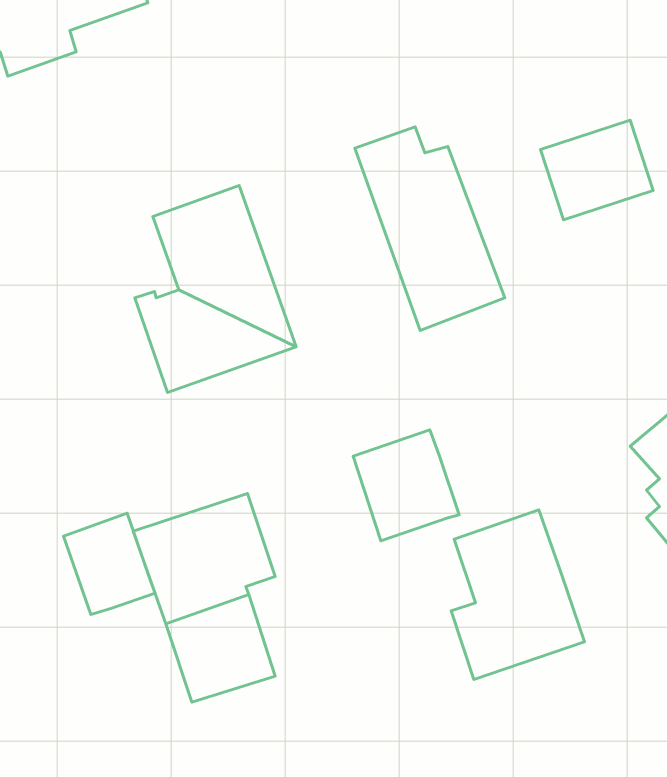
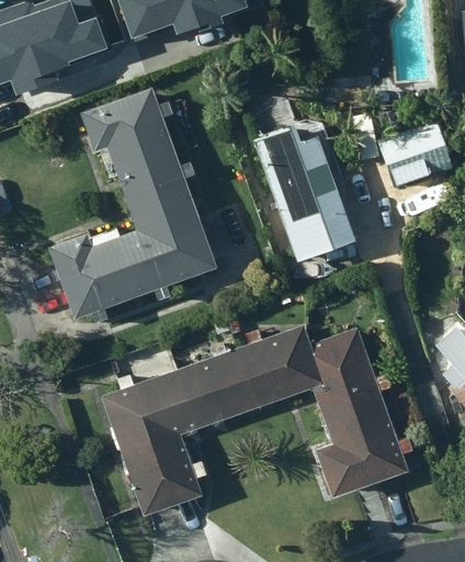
building: none -> [83,99,175,183]
building: none -> [50,238,127,321]
building: none -> [310,328,377,401]
building: none -> [181,345,271,426]
building: [64,513,155,615] -> none

